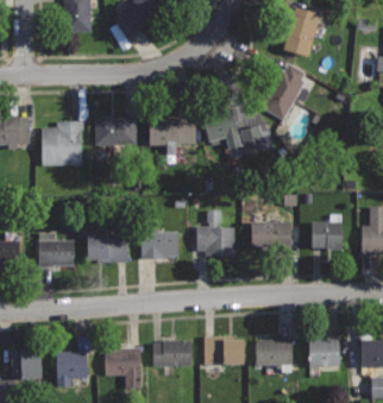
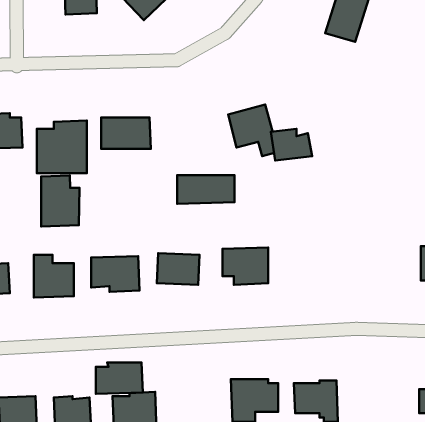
building: [262,63,312,121] -> none
building: [149,122,196,146] -> [177,175,234,204]
building: none -> [41,176,79,226]
building: [310,221,341,248] -> none
building: [251,222,290,247] -> none
building: [308,339,339,367] -> none
building: [152,340,192,366] -> [96,363,143,394]

